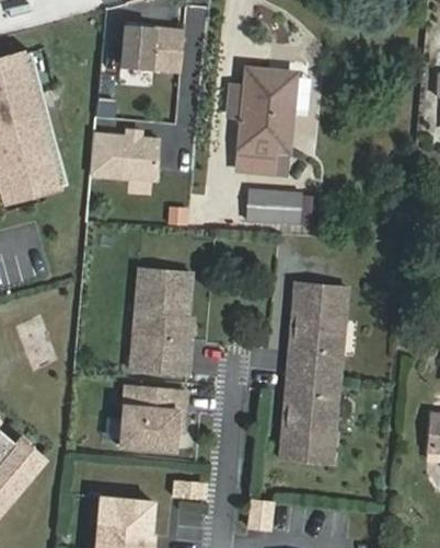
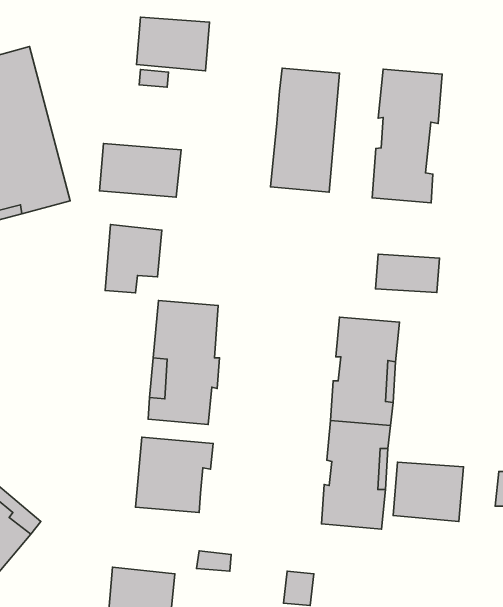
building: none -> [372,69,442,203]
building: [246,190,301,223] -> [376,254,439,292]
building: none -> [105,225,162,293]
building: none -> [393,462,463,521]

